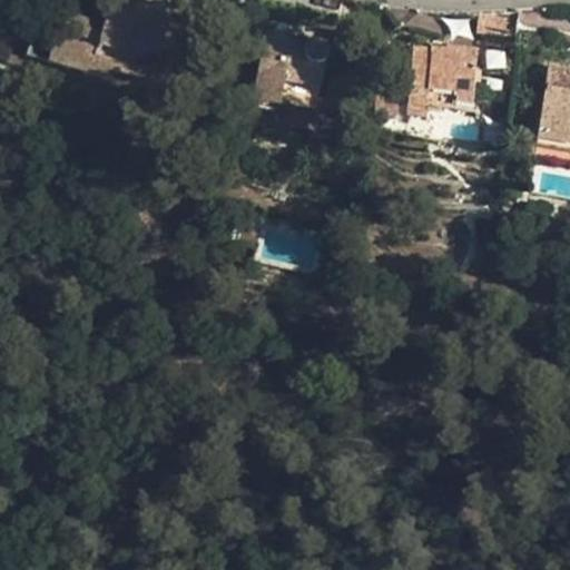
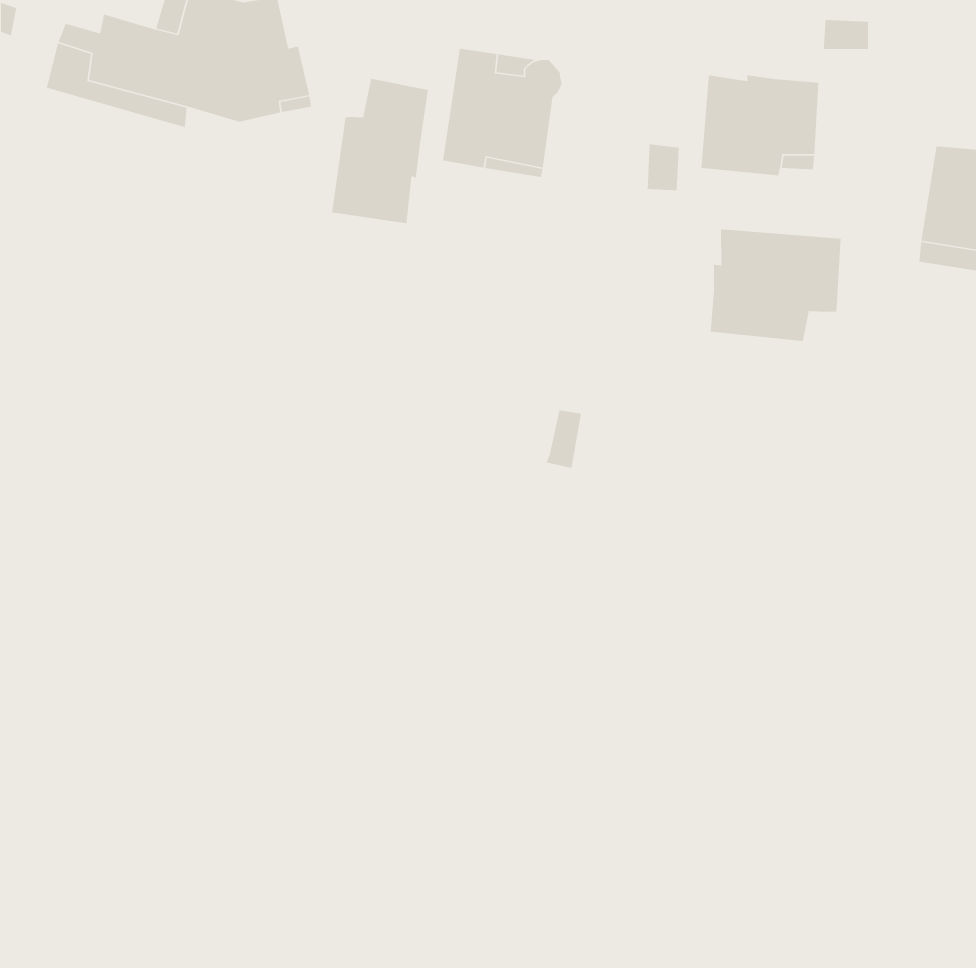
building: none -> [331,78,429,224]
building: none -> [710,228,842,342]

